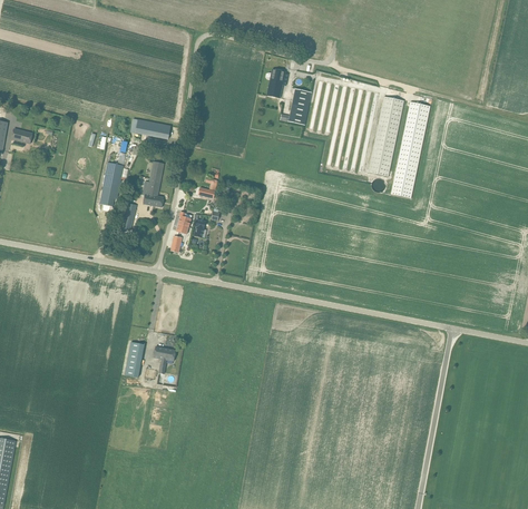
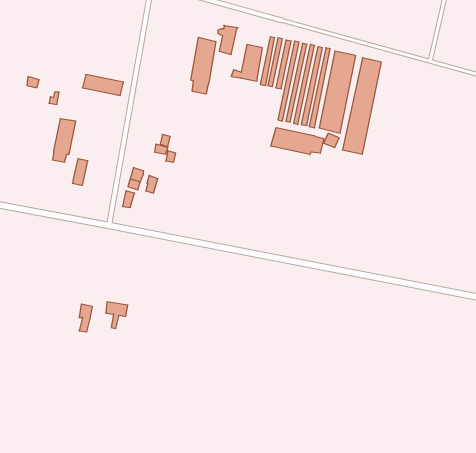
building: none -> [191,37,216,94]
building: [143,161,163,206] -> none
building: none -> [271,128,324,155]

